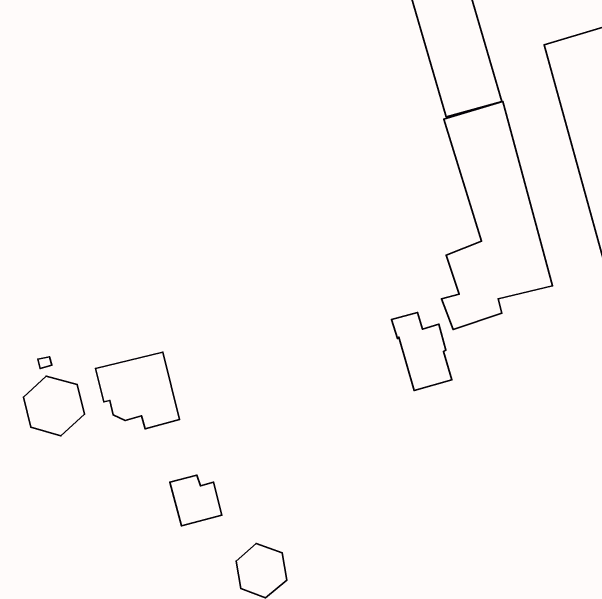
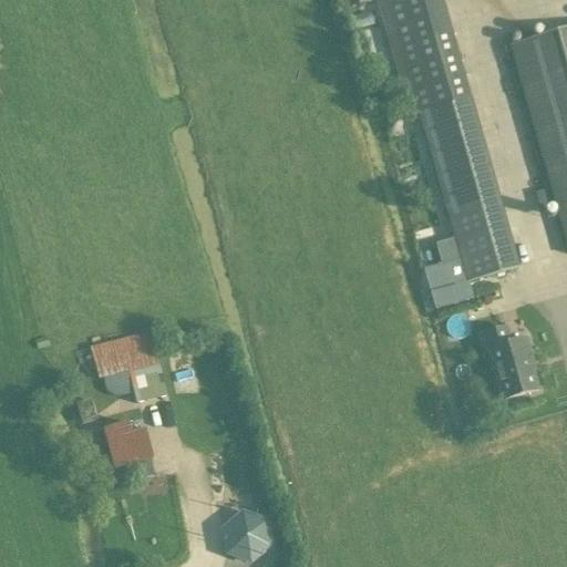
building: [392,312,452,390] -> [483,324,539,398]
building: [24,376,85,436] -> none
building: [170,475,222,526] -> [104,421,153,468]

